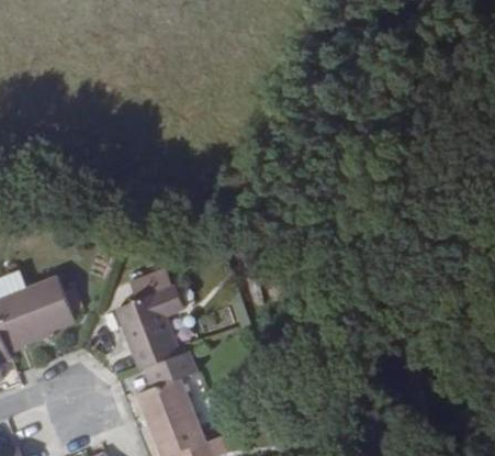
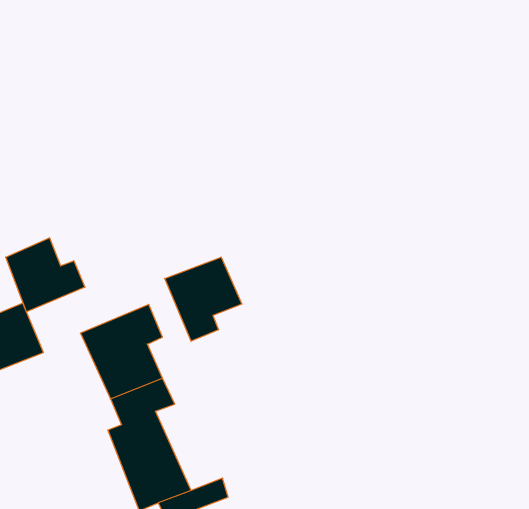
building: none -> [6,238,85,312]
building: none -> [165,257,242,341]

